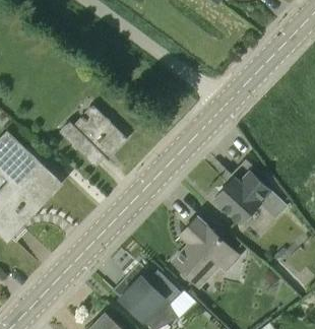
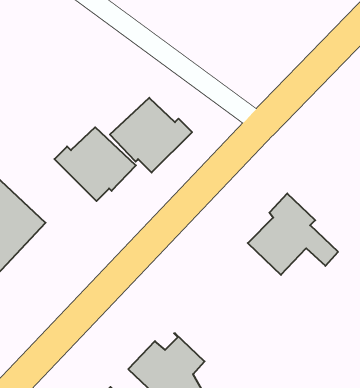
building: none -> [110,98,192,173]
building: [173,216,241,287] -> none

